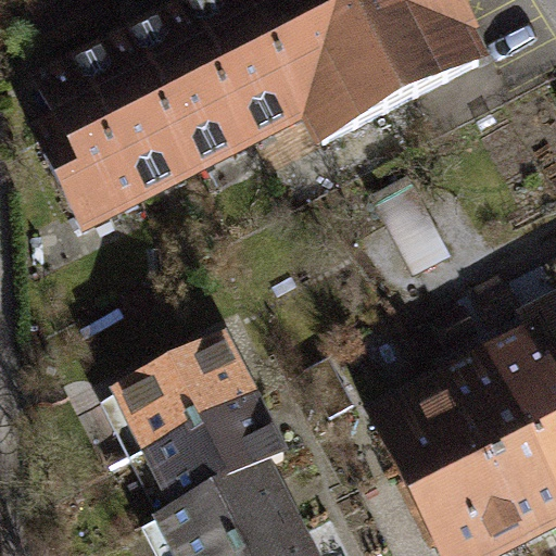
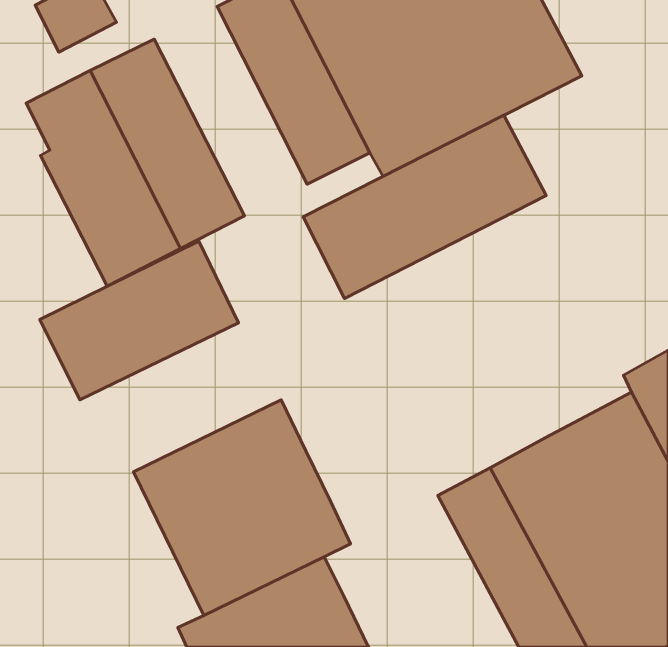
building: [128,5,255,179] -> none
building: none -> [303,115,546,298]
building: none -> [40,241,239,400]

